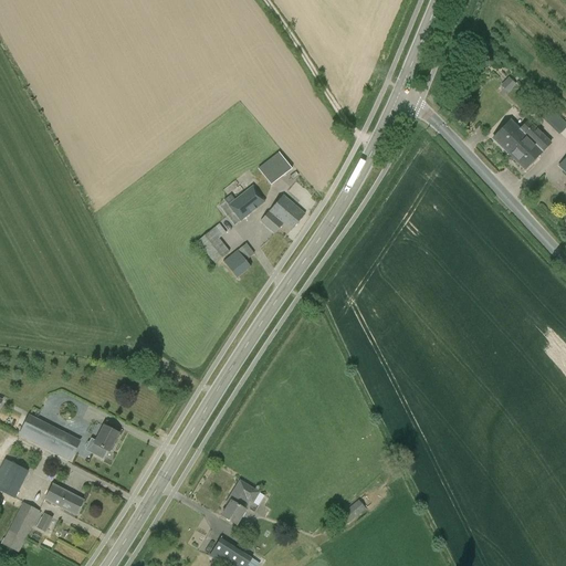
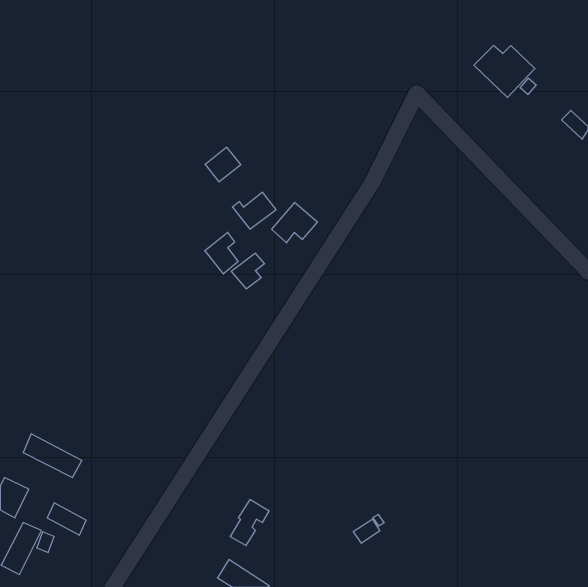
building: [492,119,551,169] -> [474,46,535,97]
building: [256,150,291,184] -> [205,147,241,182]
building: [85,426,117,458] -> none

